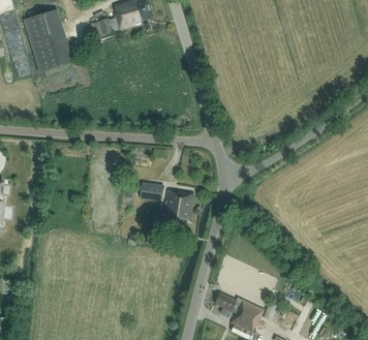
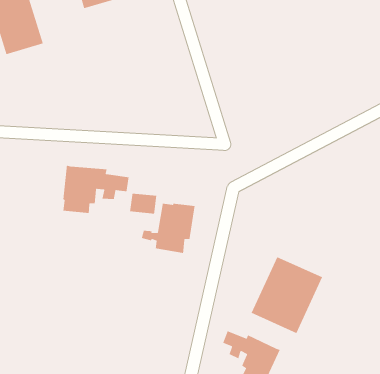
building: none -> [62,165,130,214]
building: none -> [250,256,323,334]

